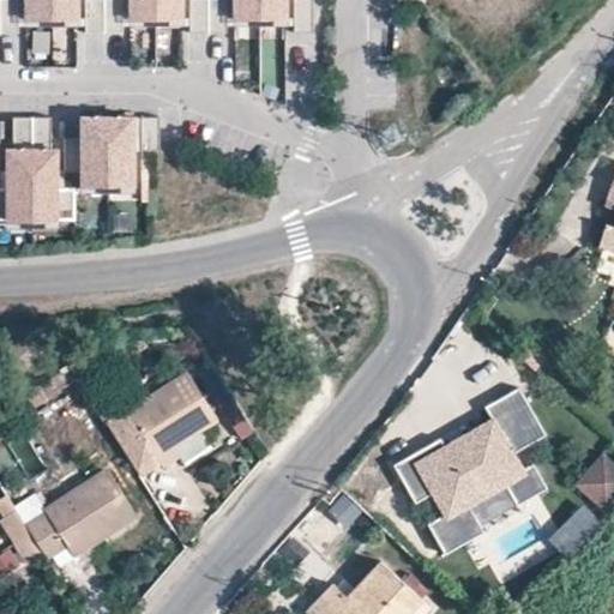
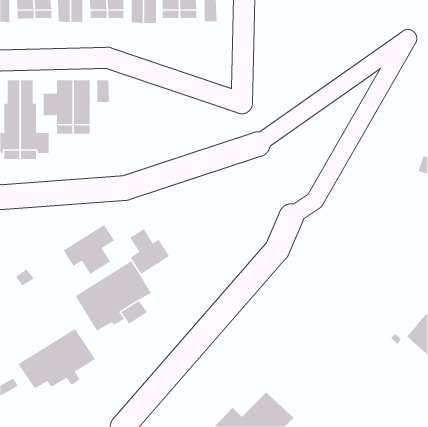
building: none -> [63,224,115,275]
building: none -> [129,228,170,275]
building: [397,385,549,554] -> none
building: [549,505,602,555] -> none

